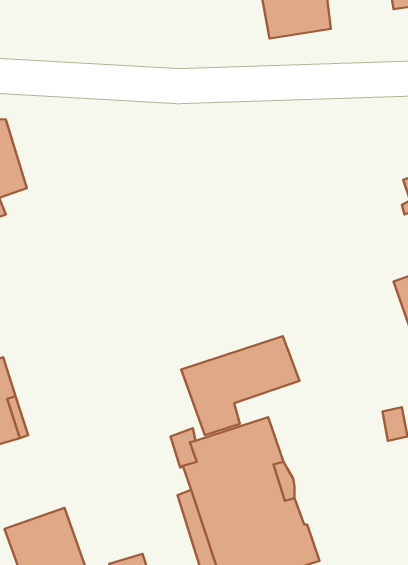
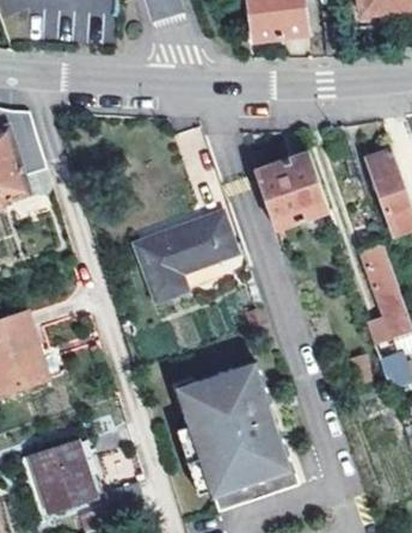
building: none -> [254,153,327,229]
building: [181,336,300,435] -> [134,216,235,301]

